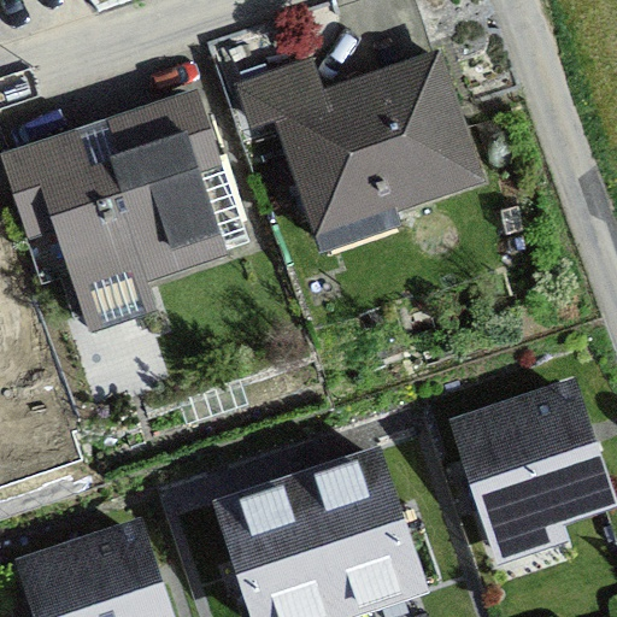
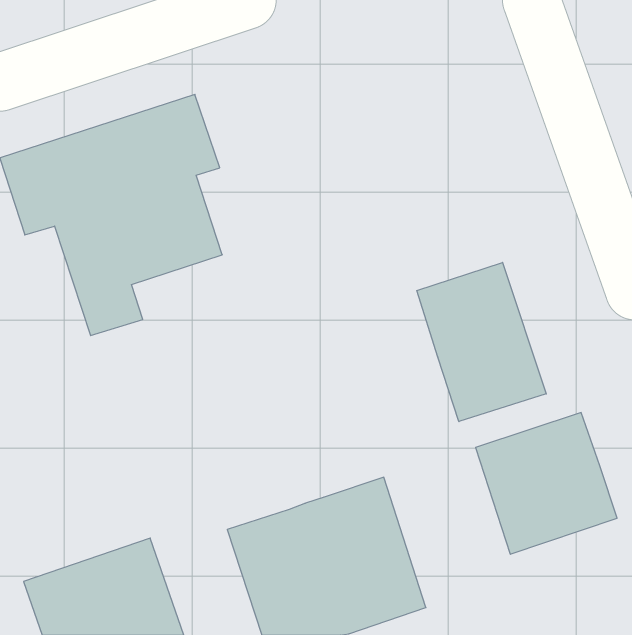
building: [237,59,470,243] -> none
building: none -> [417,262,546,422]

